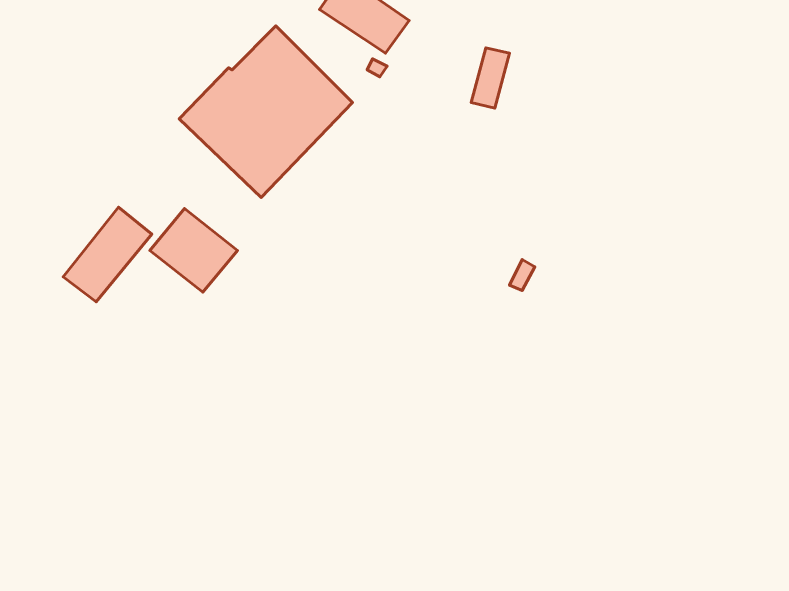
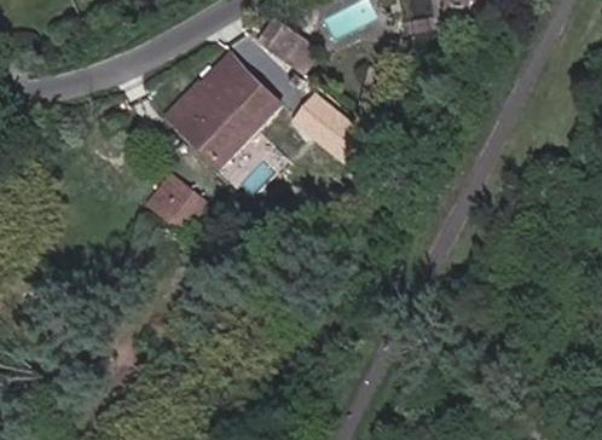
building: none -> [293,95,365,162]
building: [63,207,152,302] -> none

